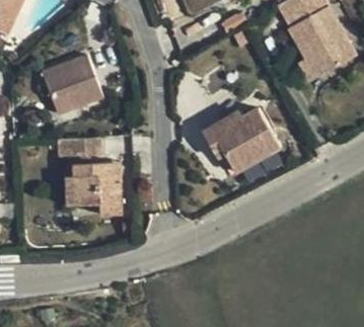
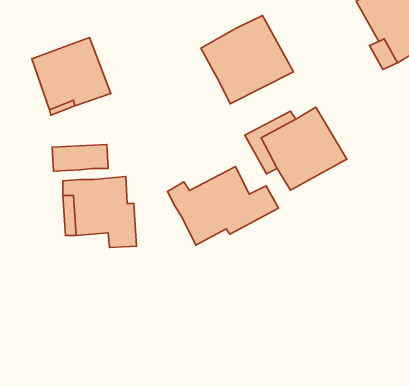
building: none -> [201,16,293,104]
building: none -> [168,166,279,245]

